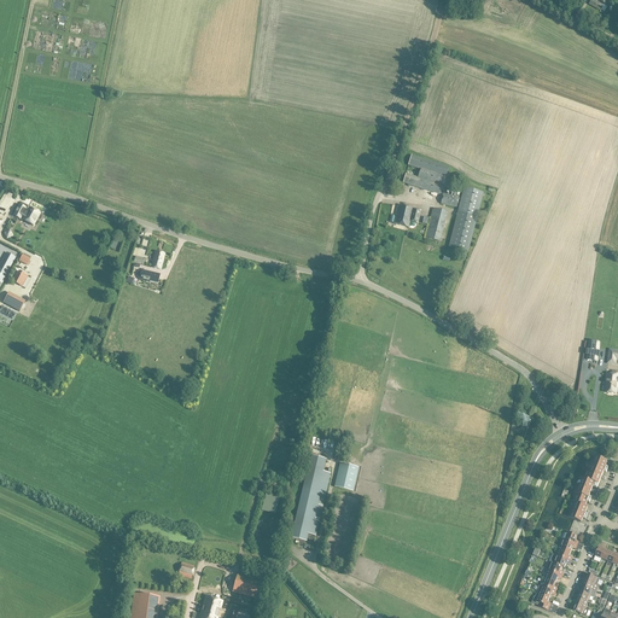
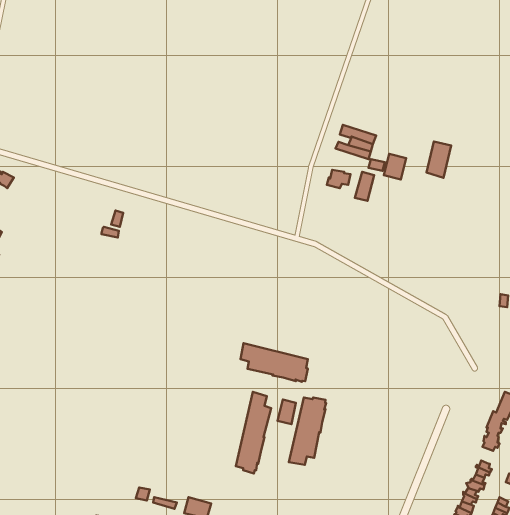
building: [449,210,477,251] -> [426,141,451,178]
building: none -> [240,343,308,382]
building: none -> [289,398,326,465]

